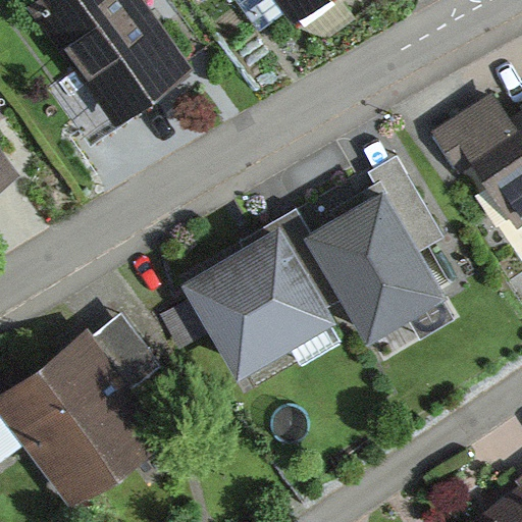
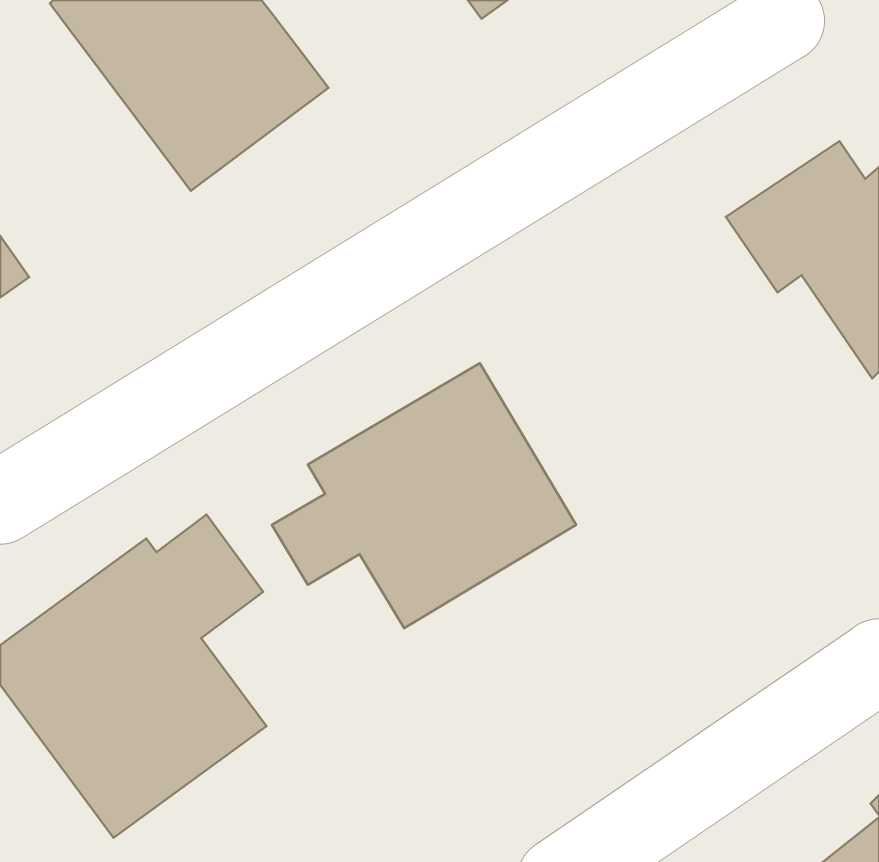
building: [307,162,451,341] -> none

